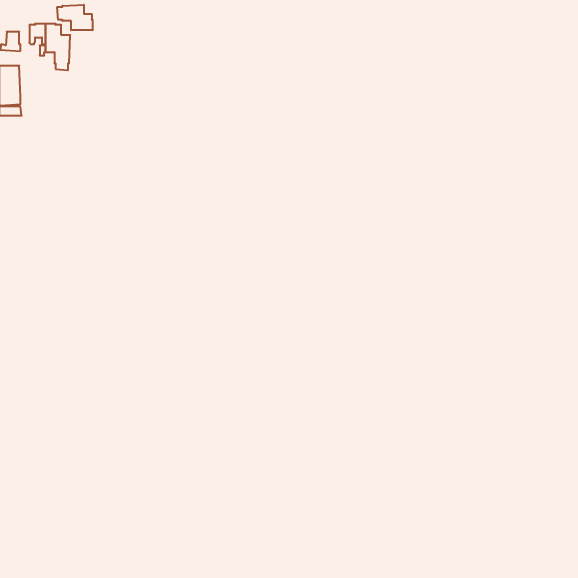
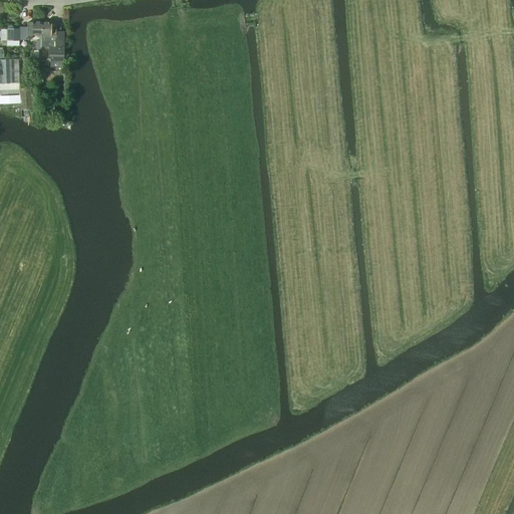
building: [57,5,93,30] -> none

